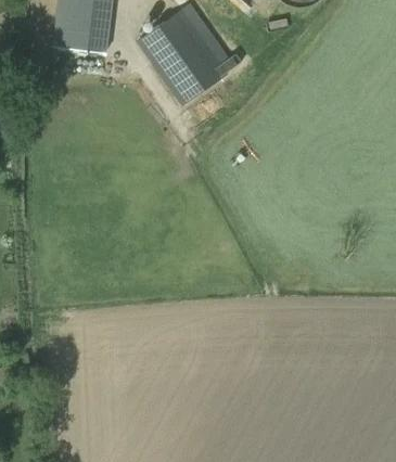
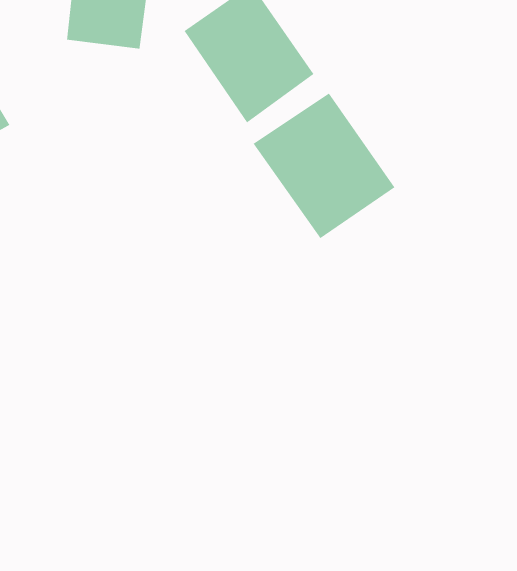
building: none -> [252,92,395,239]

